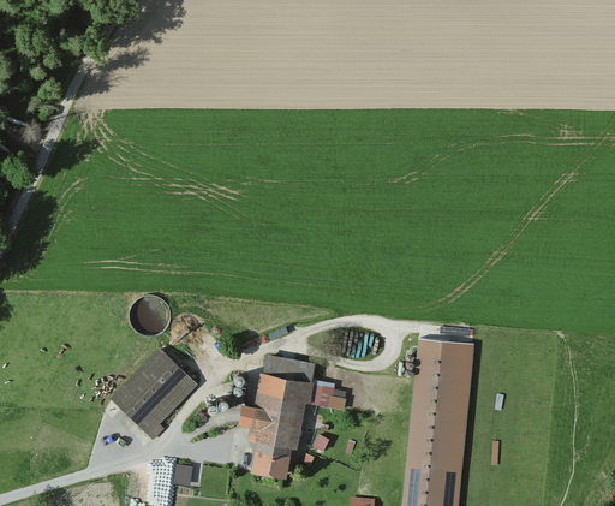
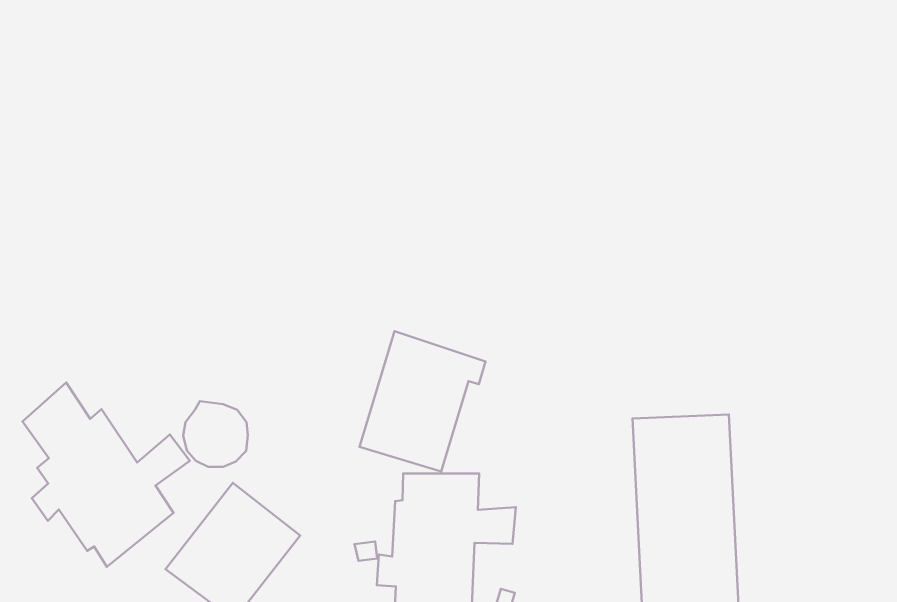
building: none -> [360,331,486,472]
building: none -> [22,383,190,567]

